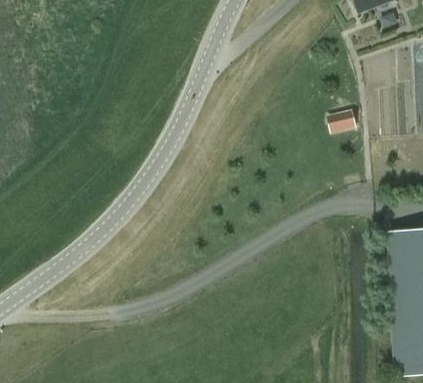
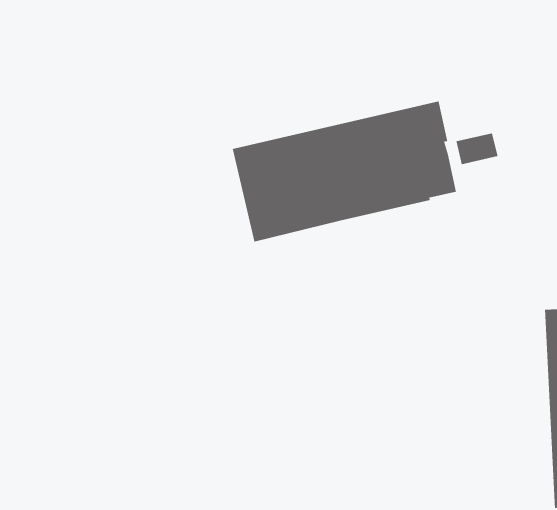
building: none -> [232,101,457,242]

